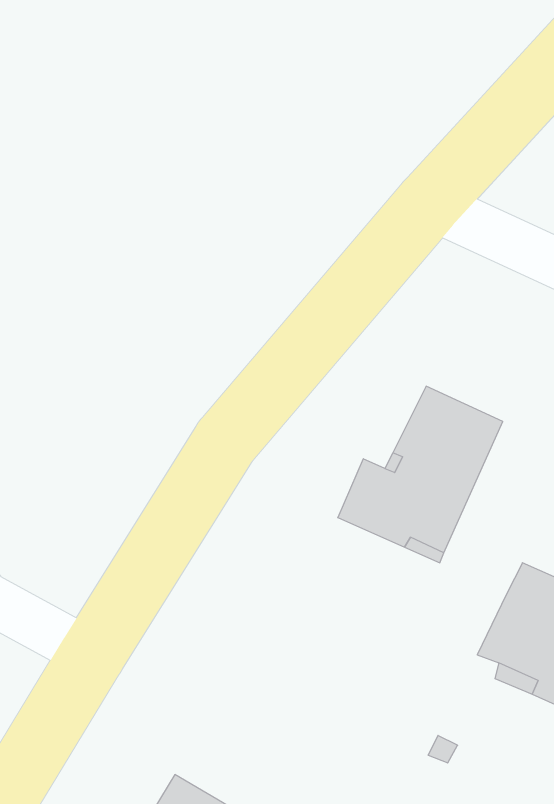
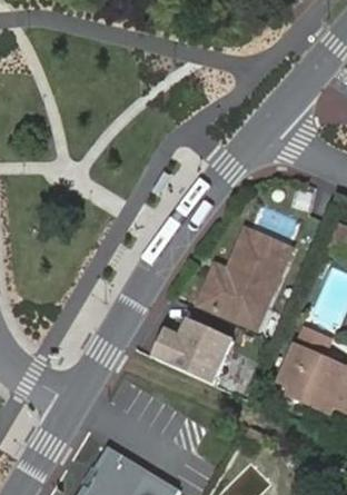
building: none -> [152,318,232,383]

